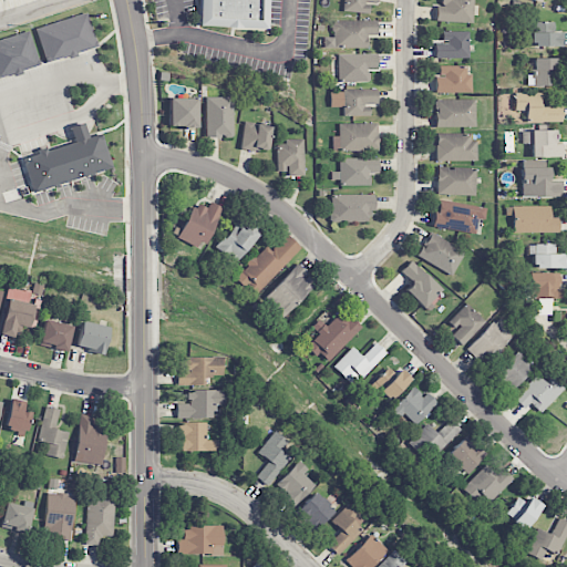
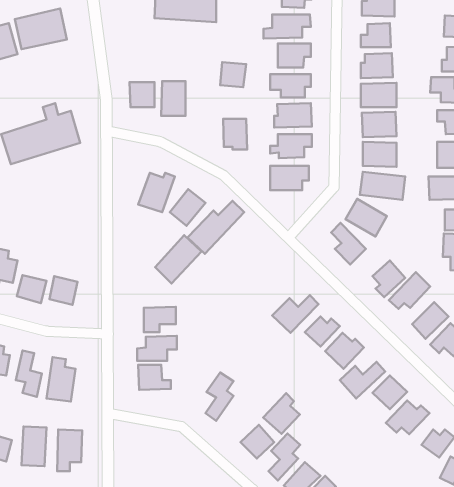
building: [241,122,271,151] -> [220,62,246,87]
building: [264,262,317,318] -> [155,235,201,283]
building: [309,312,362,362] -> none
building: [274,460,316,506] -> [263,393,300,434]
building: [177,525,223,554] -> none

